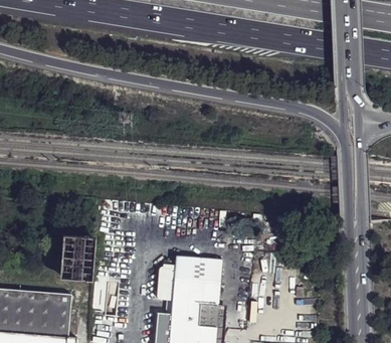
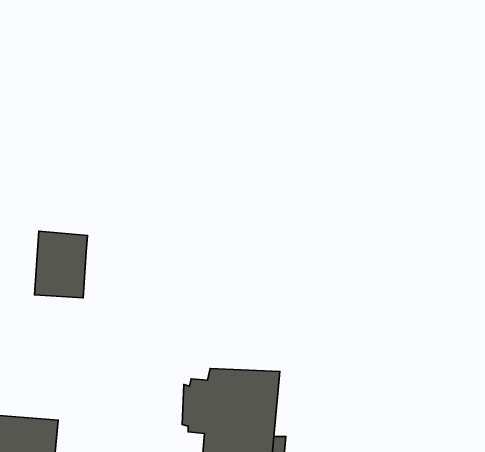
building: [59,234,95,280] -> [34,231,88,298]

